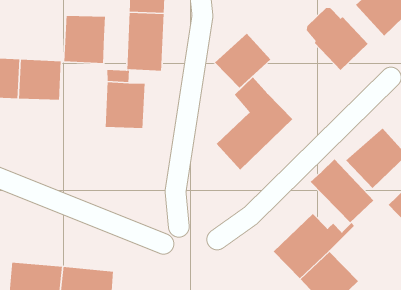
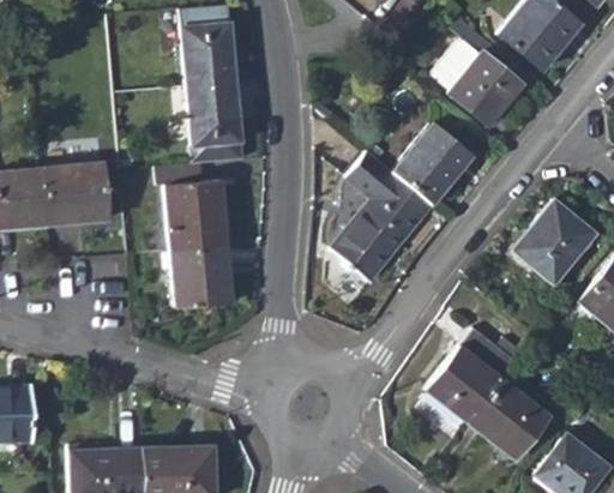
building: [64,15,106,64] -> none
building: [214,33,271,88] -> [393,124,471,202]
building: none -> [175,242,233,307]
building: [310,158,374,223] -> none

